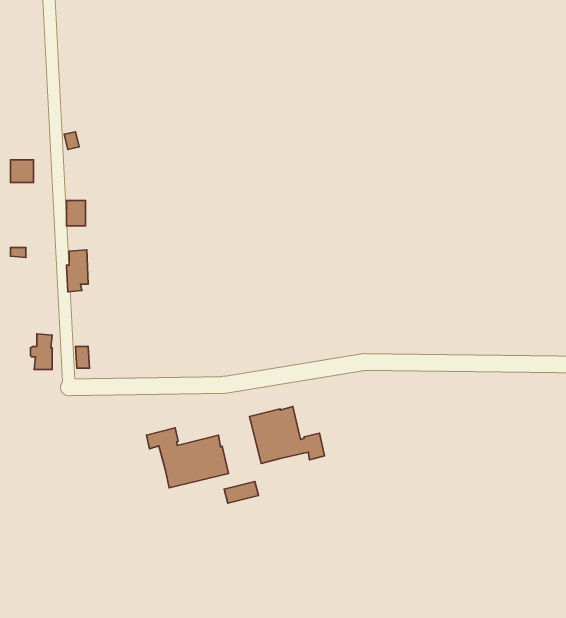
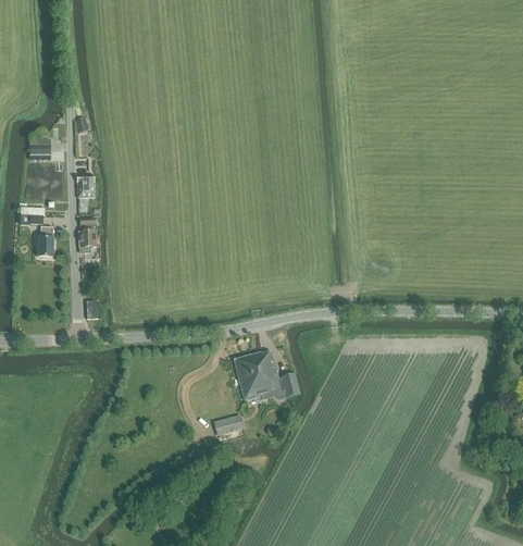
building: [30,334,52,370] -> [34,225,52,256]
building: [146,428,228,488] -> none

